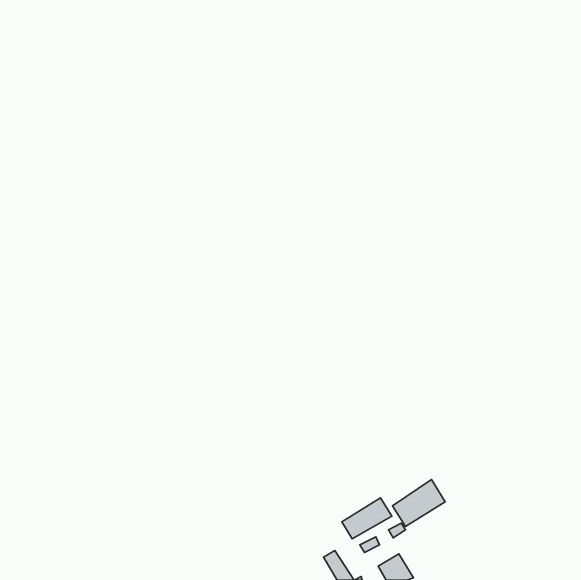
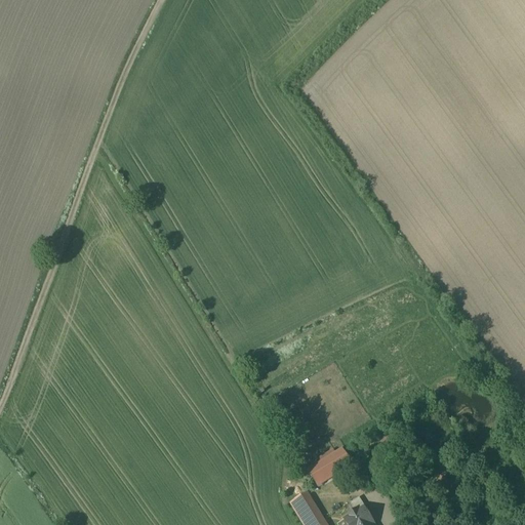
building: [392,479,445,526] -> none

